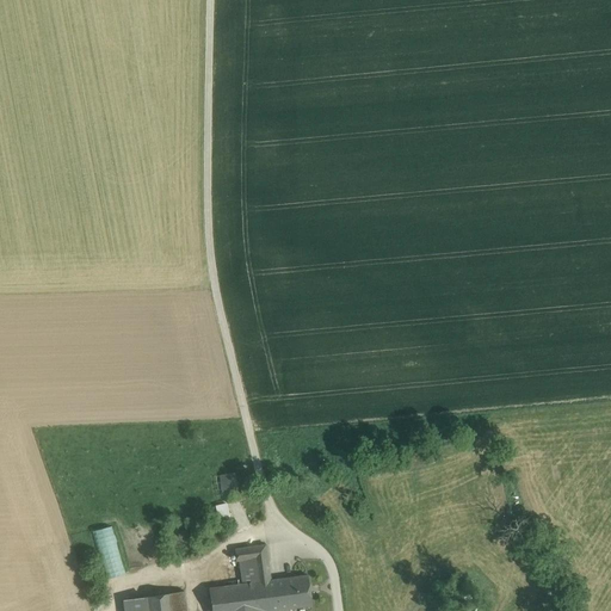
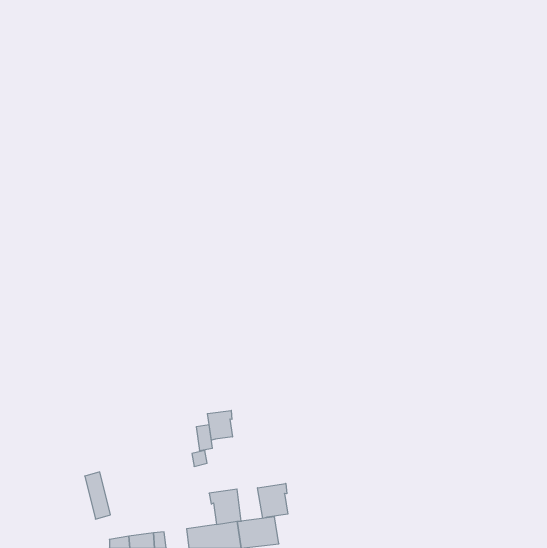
building: none -> [207,410,232,440]
building: none -> [258,483,288,518]

